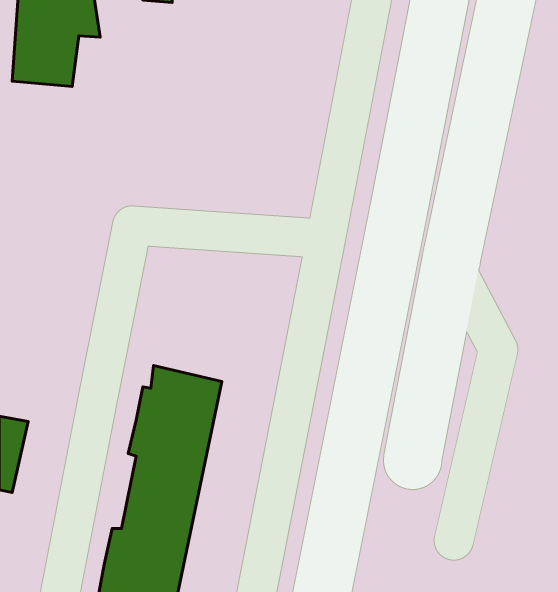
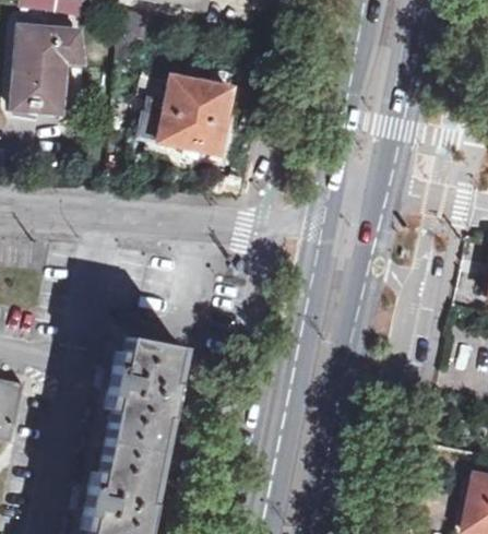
building: none -> [159,75,230,151]

